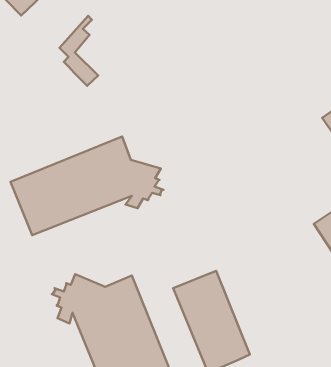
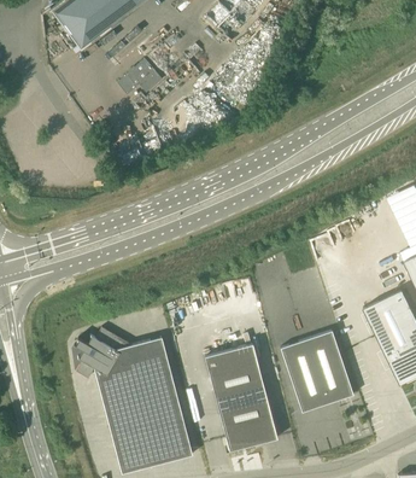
building: [10,137,163,235] -> none
building: none -> [280,332,352,413]

